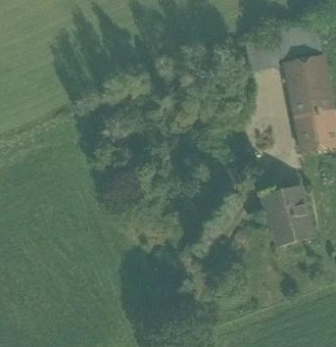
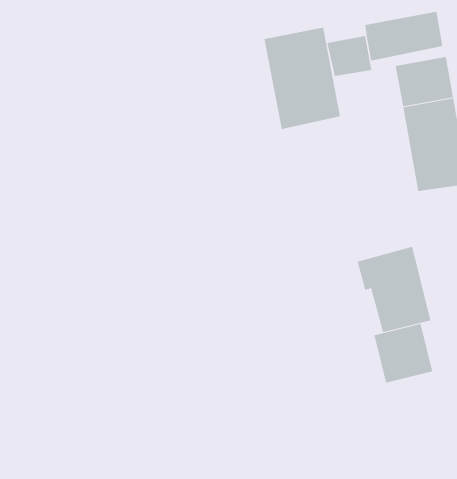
building: none -> [264,27,341,130]
building: none -> [374,323,433,384]

